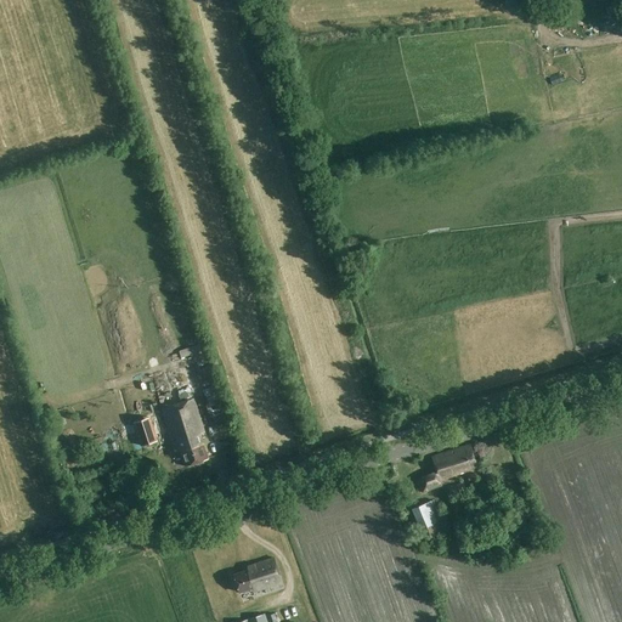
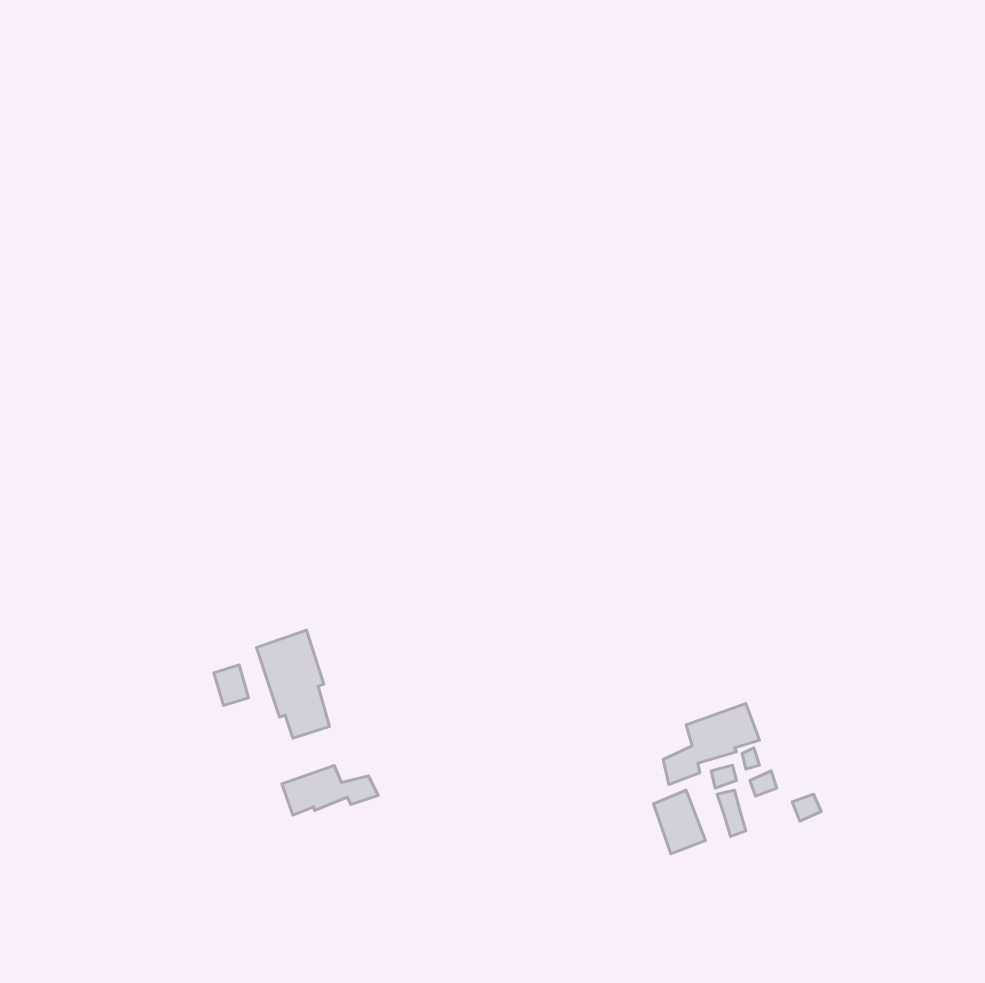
building: none -> [282,765,378,815]
building: [233,556,282,592] -> none

